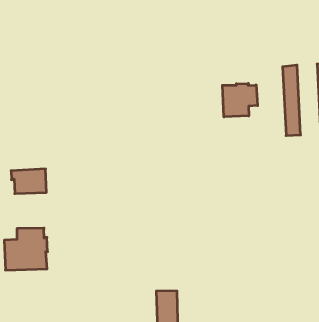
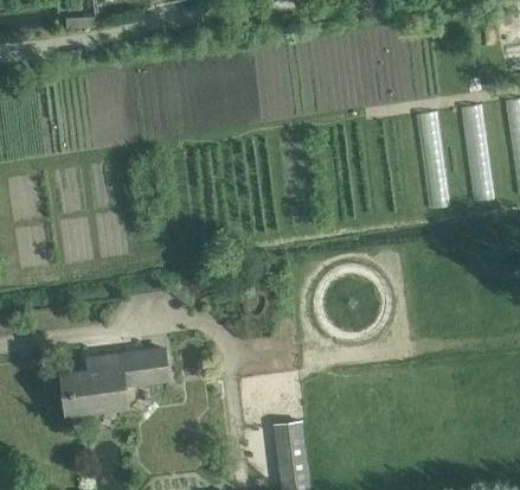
building: [222,83,258,117] -> none
building: [11,169,46,194] -> [121,349,169,384]

